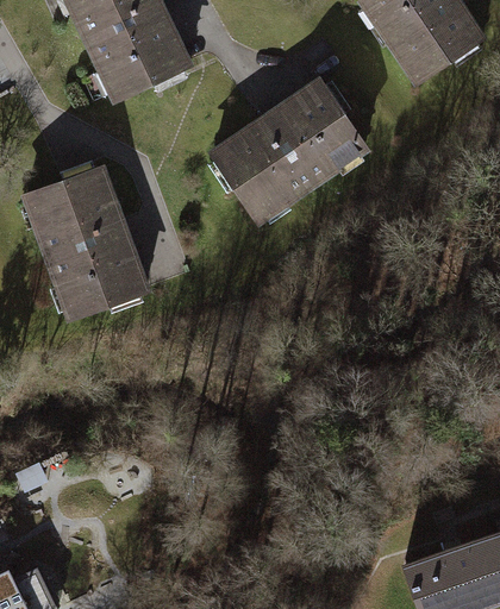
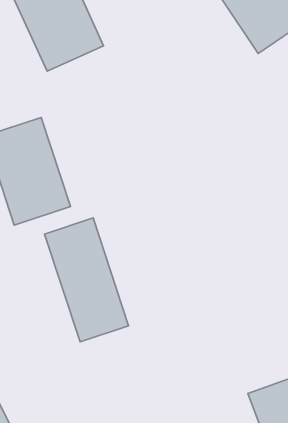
building: [206,81,363,224] -> none
building: none -> [45,218,129,342]

